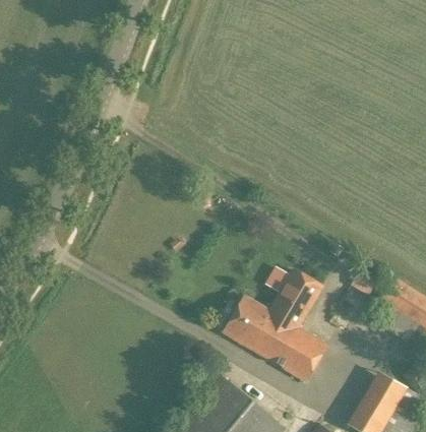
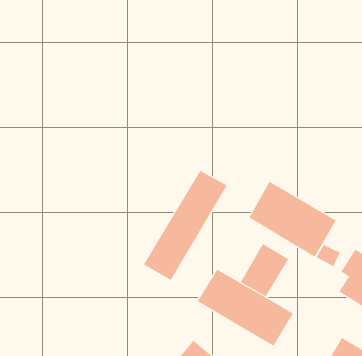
building: none -> [143,170,227,281]
building: none -> [249,181,337,258]

